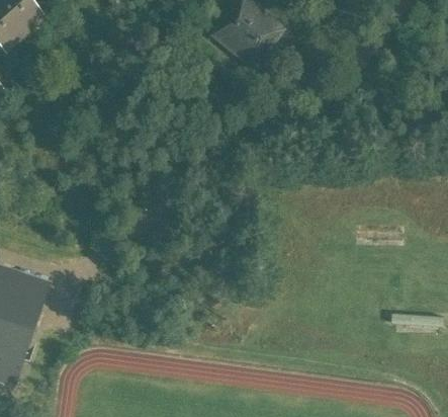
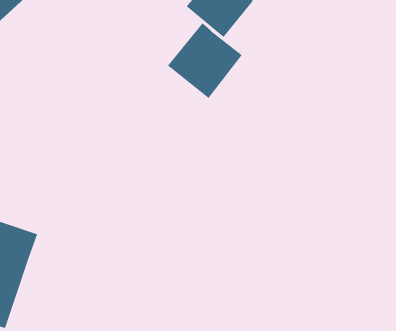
building: none -> [167,22,243,99]

